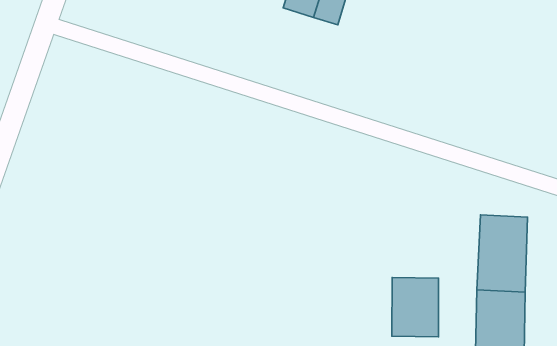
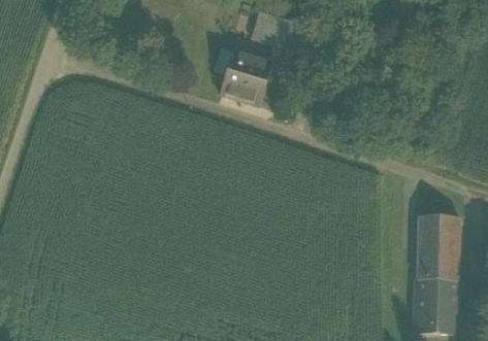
building: none -> [219,50,272,105]
building: [392,277,439,337] -> none

